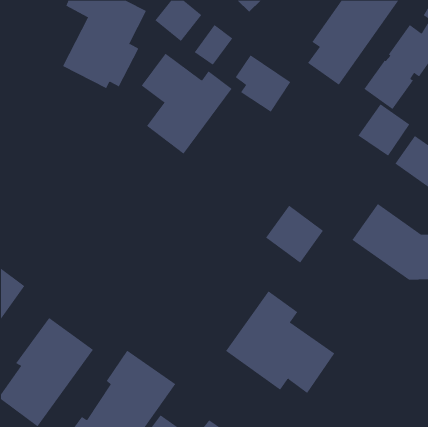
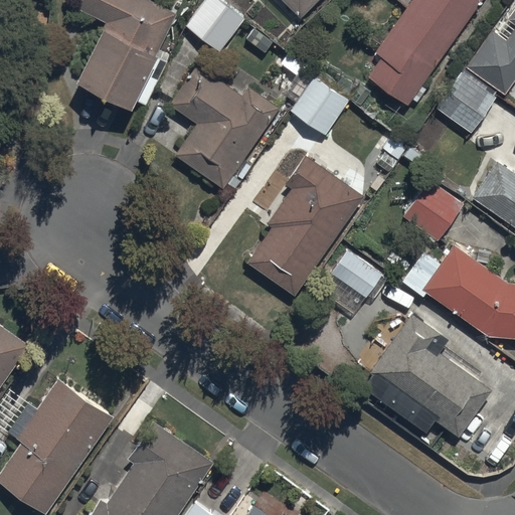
building: [357,104,410,156] -> [401,179,465,242]
building: none -> [246,155,364,295]
building: [225,291,335,394] -> [360,314,492,438]

